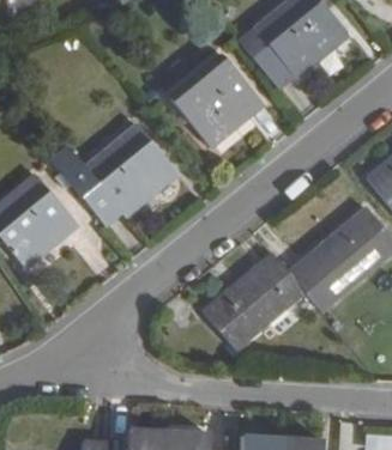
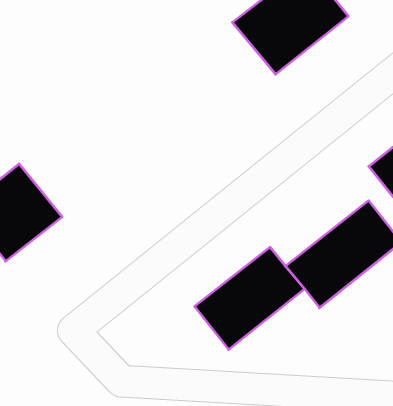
building: [170,54,264,146] -> none
building: [53,123,179,224] -> none

